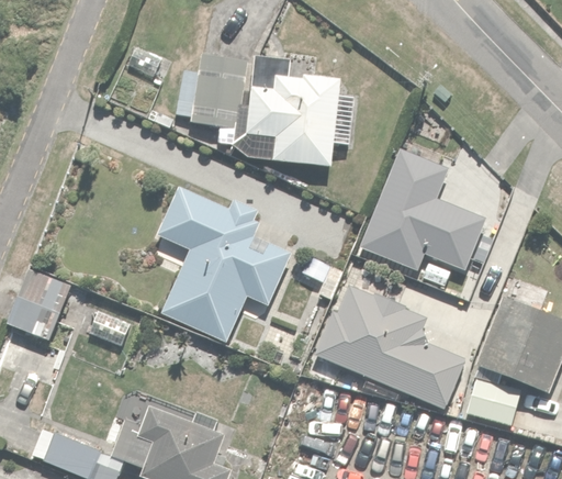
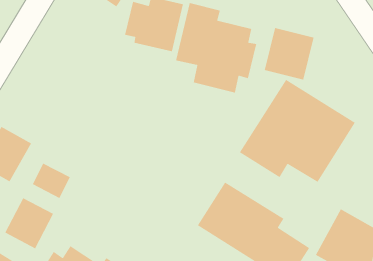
building: none -> [264,27,314,80]
building: [154,186,291,344] -> none
building: none -> [4,197,54,249]

